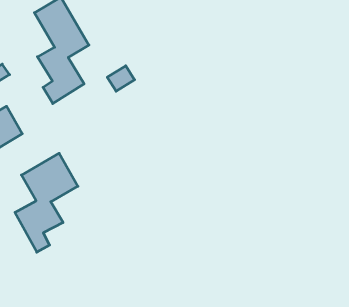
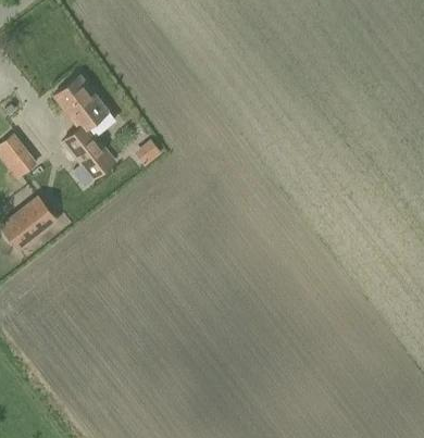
building: [15,153,78,252] -> none

